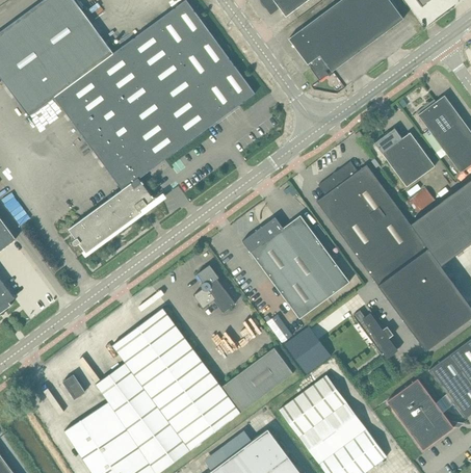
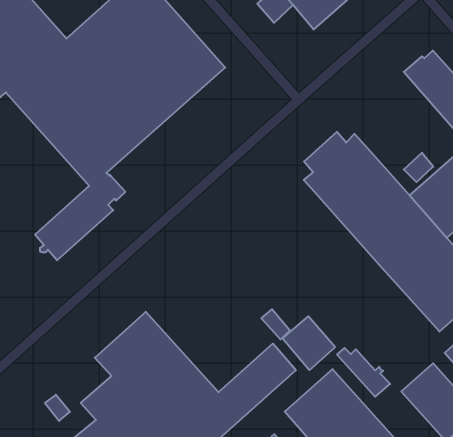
building: [303,43,338,80] -> none
building: [374,129,435,187] -> none
building: [242,215,349,319] -> none
building: [193,265,235,312] -> none
building: [352,311,398,358] -> [337,348,390,397]

